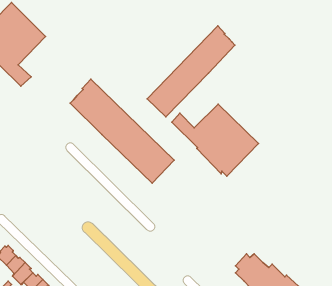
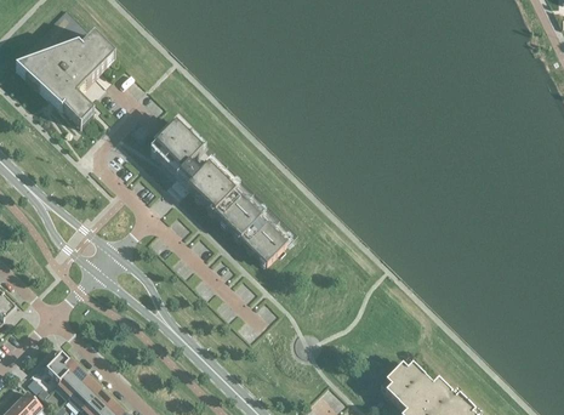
building: [147,26,235,117] -> none
building: [172,104,258,176] -> none

